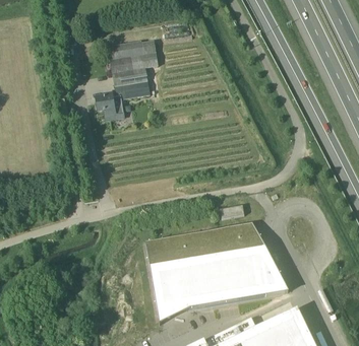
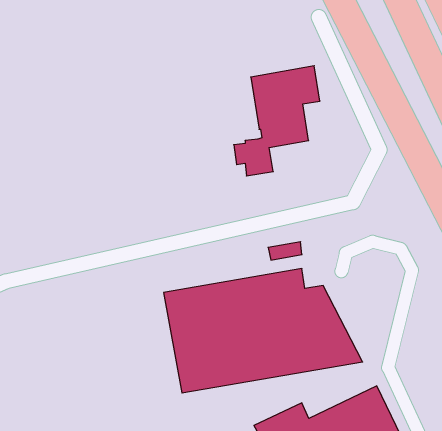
building: [96,41,158,120] -> [234,66,320,176]

